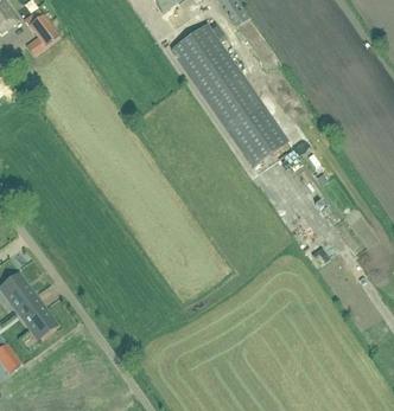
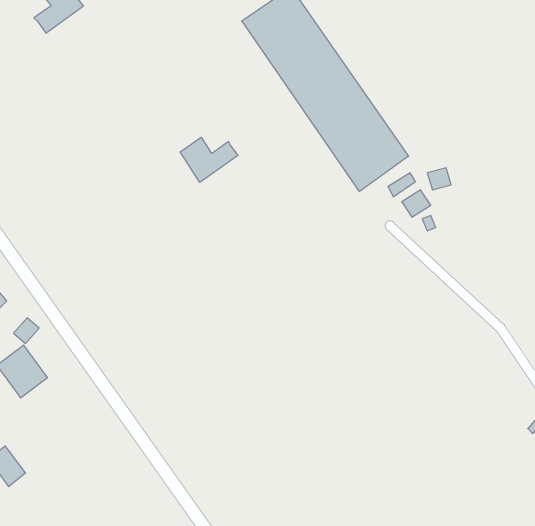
building: none -> [180,137,238,182]
building: [17,295,57,338] -> none

